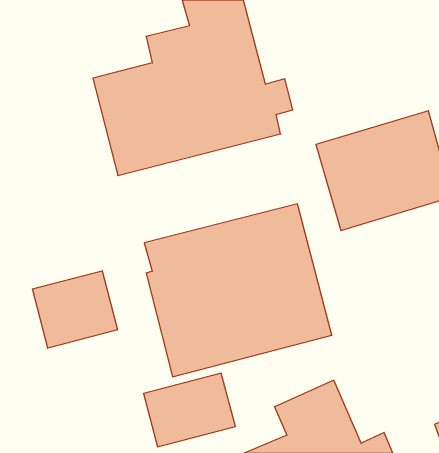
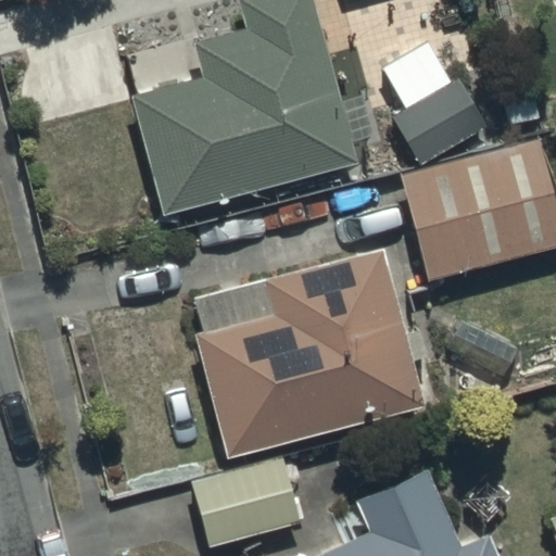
building: none -> [384,42,496,165]
building: [33,271,117,348] -> none

